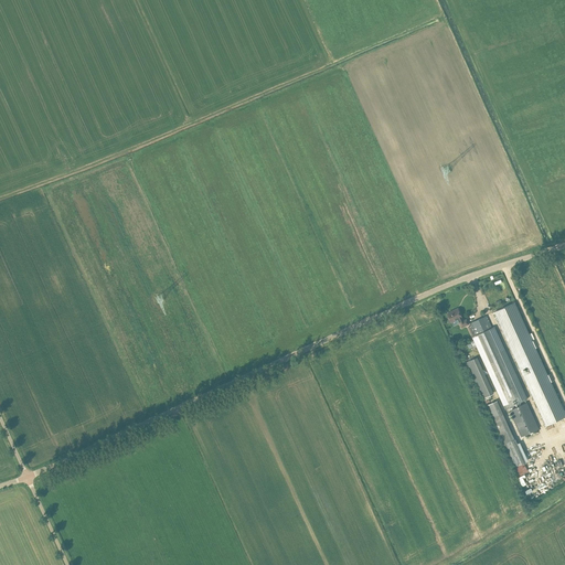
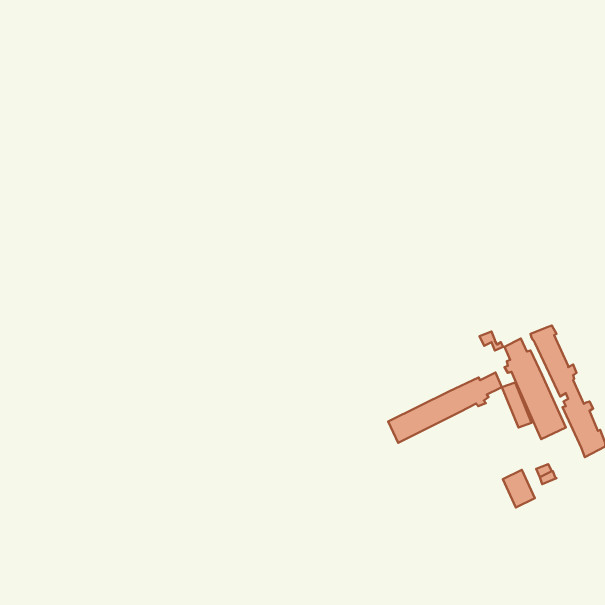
building: none -> [388,373,502,443]
building: [509,402,539,437] -> [503,470,535,508]

